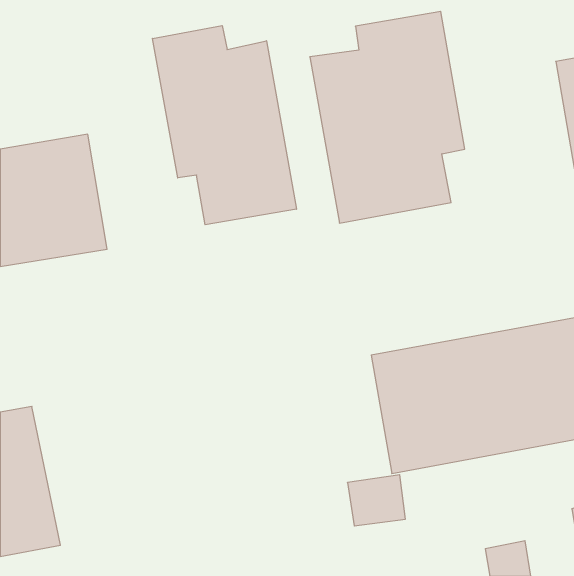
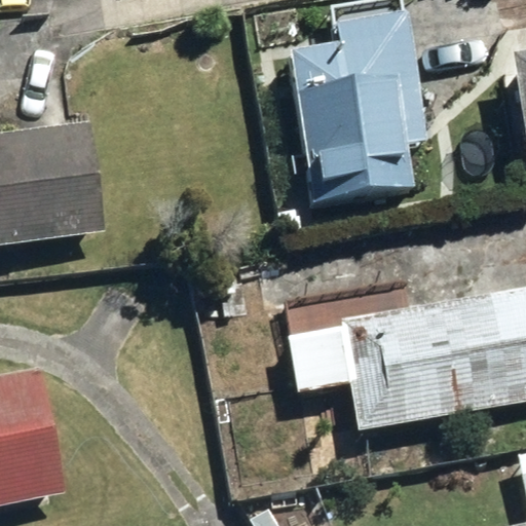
building: [152,26,296,225] -> none

